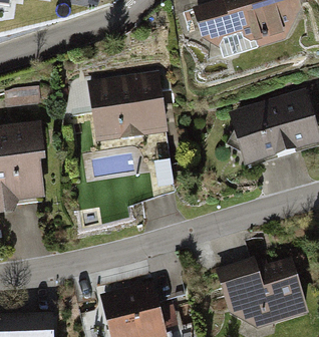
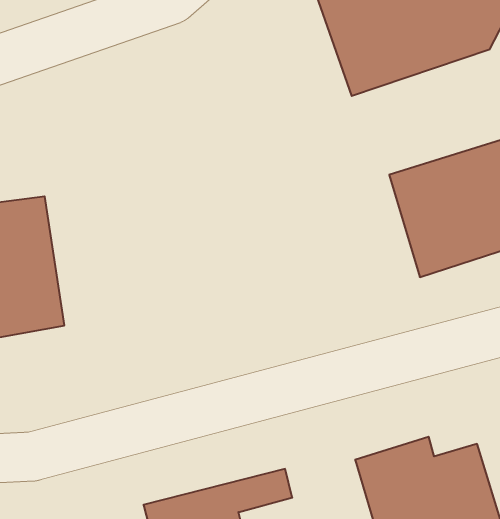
building: [86,66,170,143] -> none

